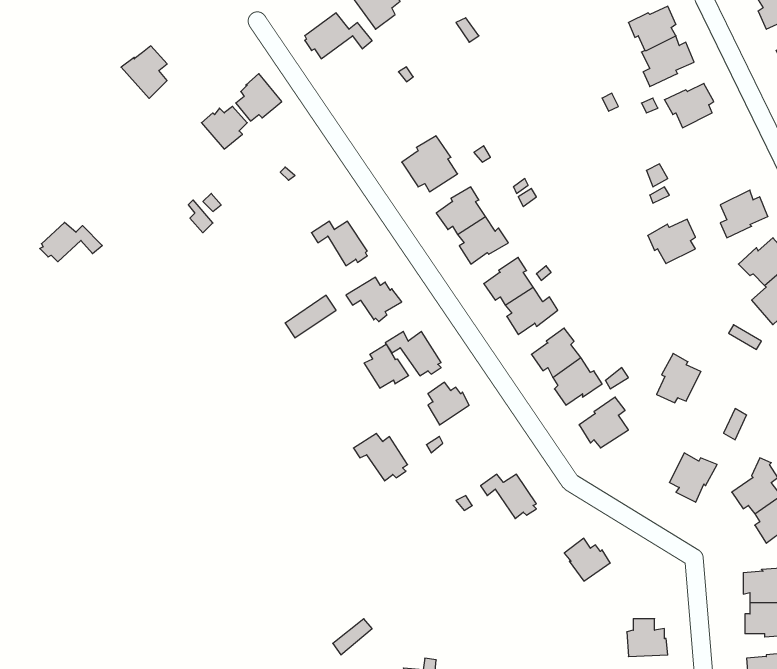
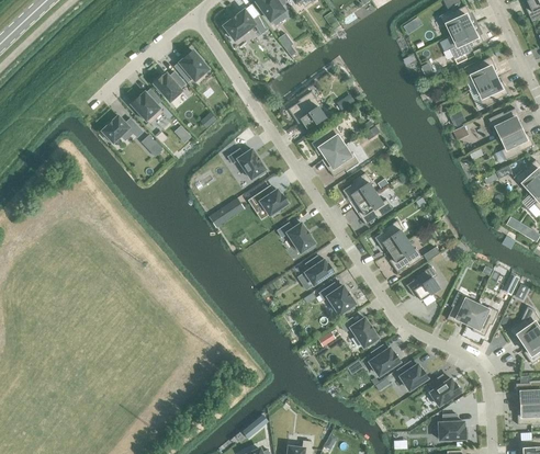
building: [121,46,167,98] -> [131,89,161,124]
building: none -> [475,77,508,109]
building: [648,219,695,264] -> [488,109,520,138]
building: [40,222,102,262] -> [101,116,143,143]
building: [364,344,409,388] -> none
building: [657,353,701,403] -> [447,292,476,325]
building: [353,433,408,481] -> [318,283,355,315]
building: none -> [370,344,400,375]
building: none -> [428,375,460,406]

